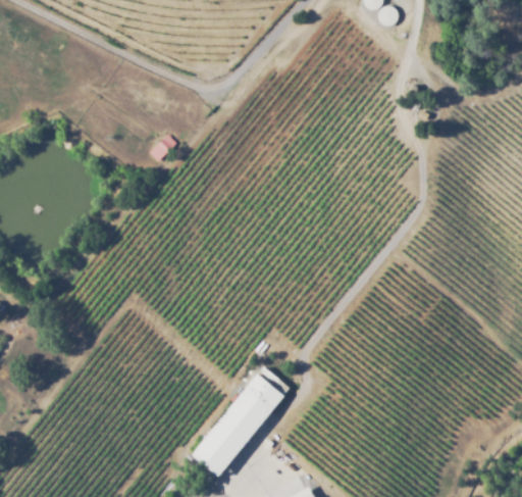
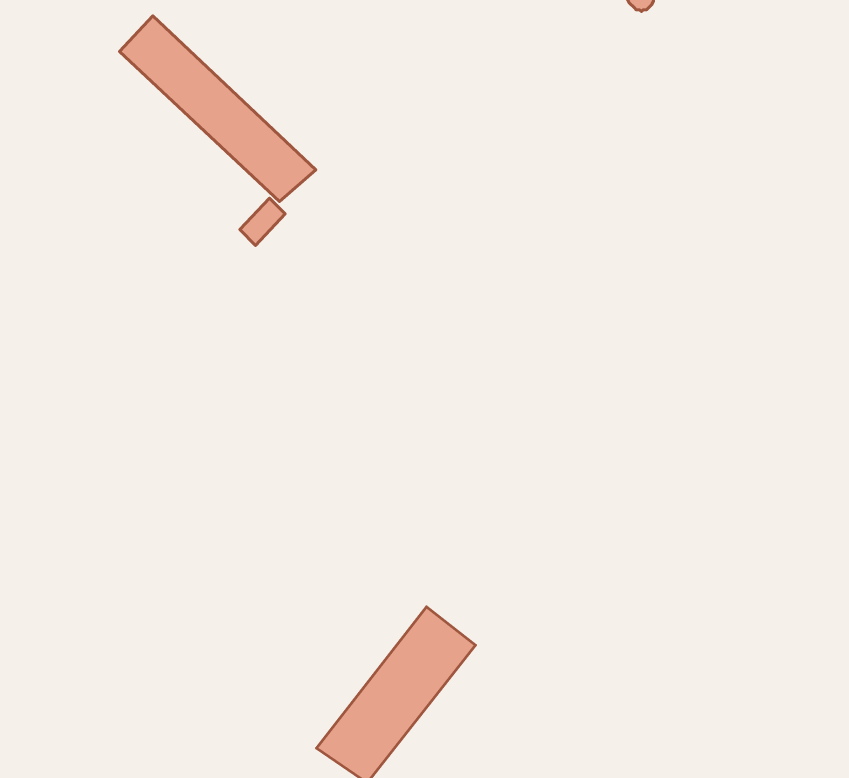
building: none -> [120,16,316,202]

